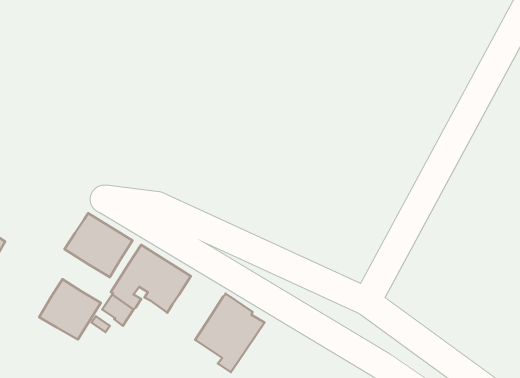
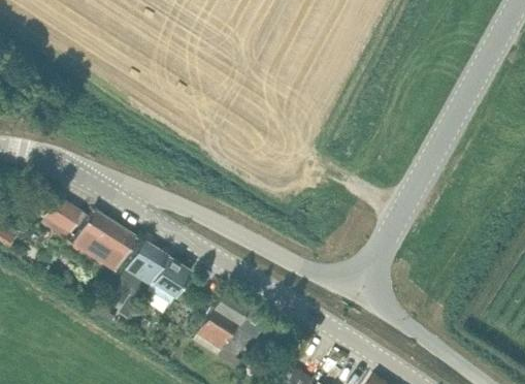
building: none -> [45,196,81,231]
building: [39,279,101,340] -> none

